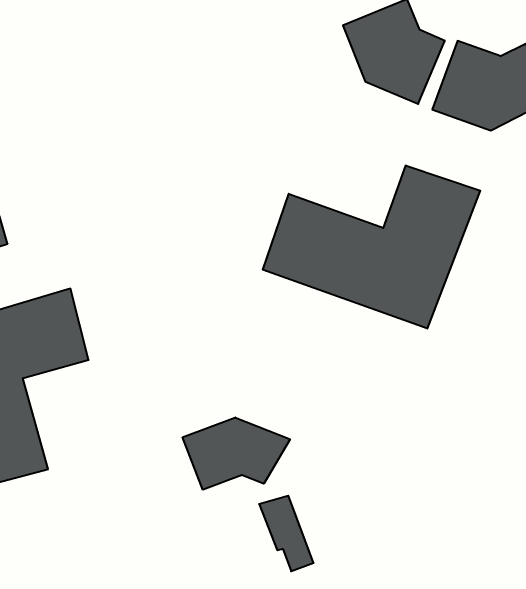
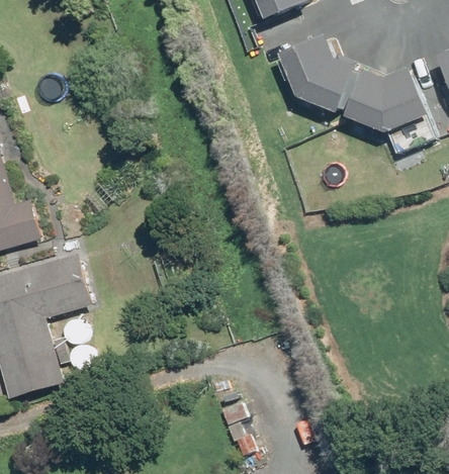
building: [263,165,480,329] -> none
building: [183,417,290,490] -> none

